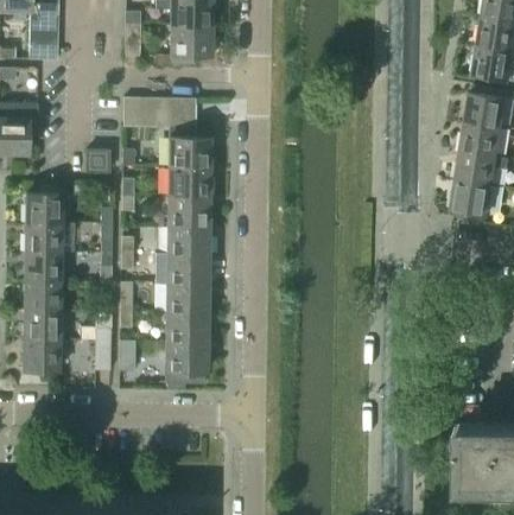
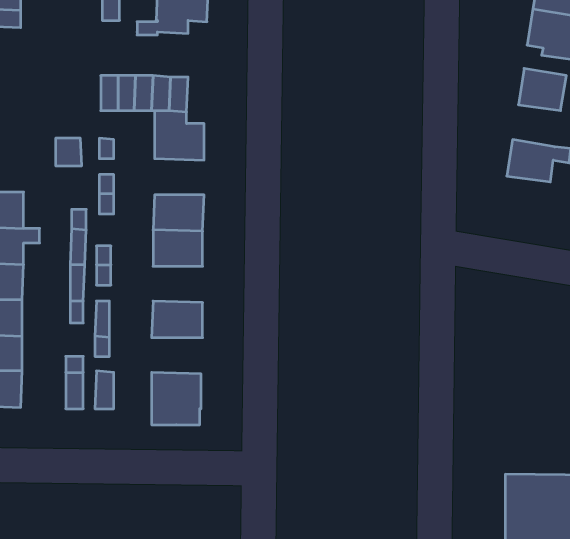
building: [461,123,500,158] -> none
building: [169,167,209,197] -> none
building: [452,182,491,216] -> none
building: [167,255,208,285] -> none
building: [166,313,208,343] -> none

